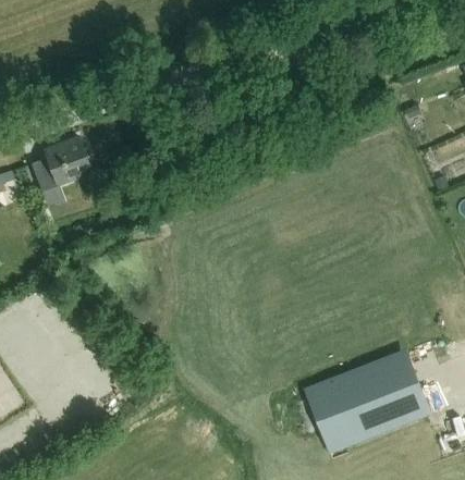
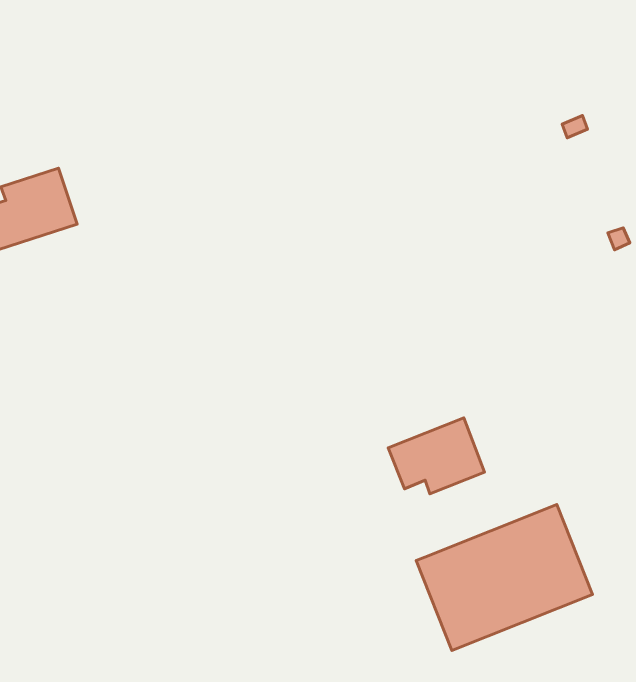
building: none -> [388,418,485,494]

